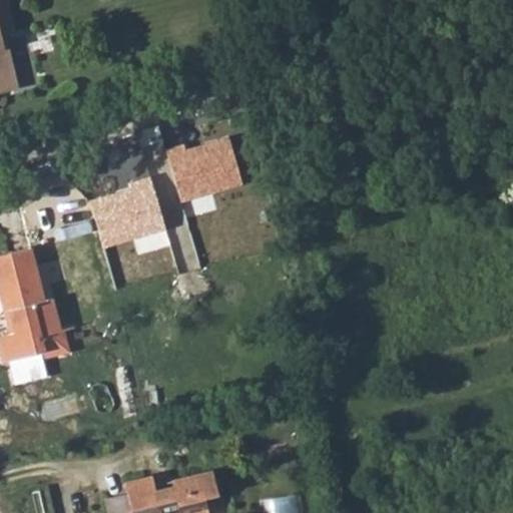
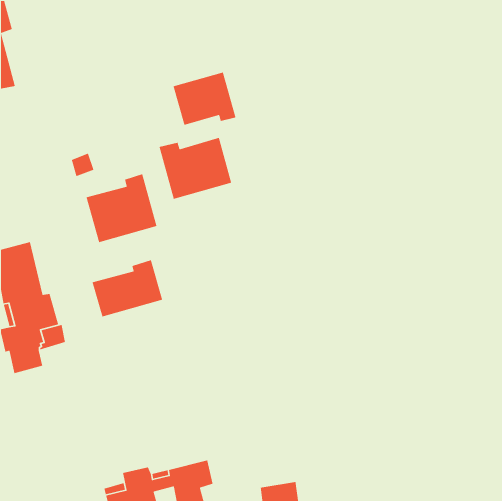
building: none -> [172,72,236,126]
building: none -> [92,259,163,317]

